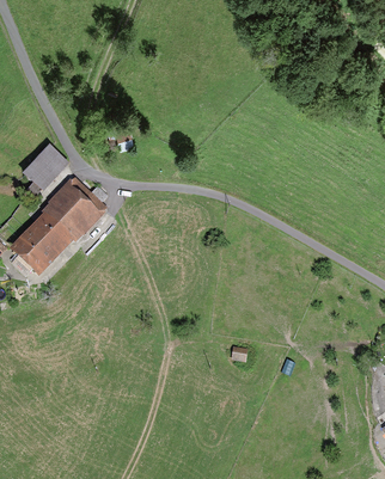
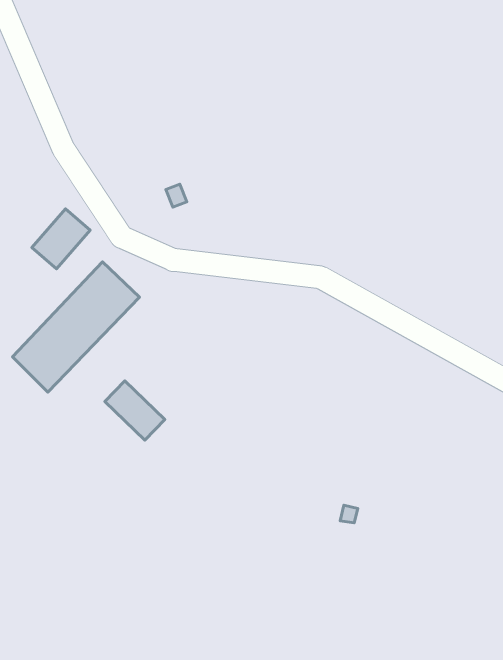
building: none -> [105,381,165,440]

